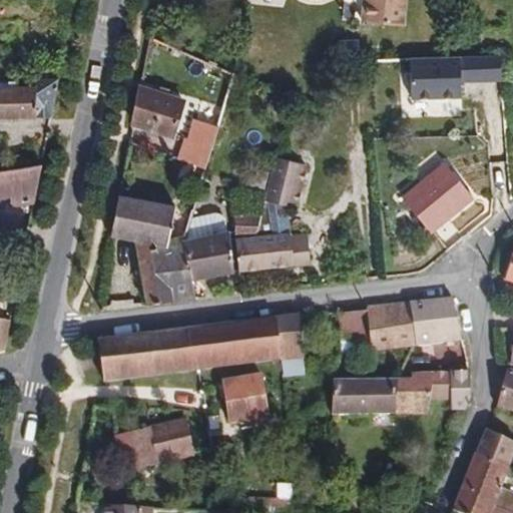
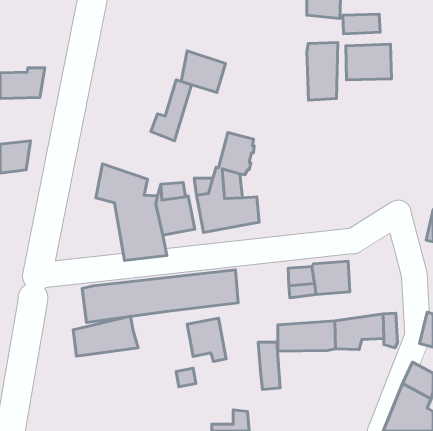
building: none -> [307,43,338,100]
building: [462,51,506,74] -> [343,14,380,34]
building: [135,83,187,132] -> [181,51,225,92]
building: [403,156,475,227] -> none
building: [412,303,459,345] -> none
building: [279,319,305,375] -> [258,342,280,390]
building: [116,423,193,470] -> [73,316,138,356]

